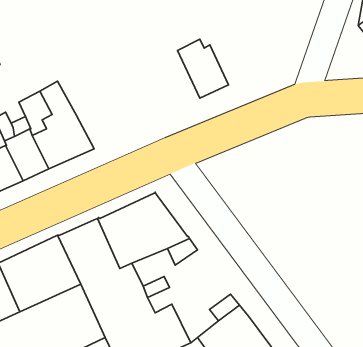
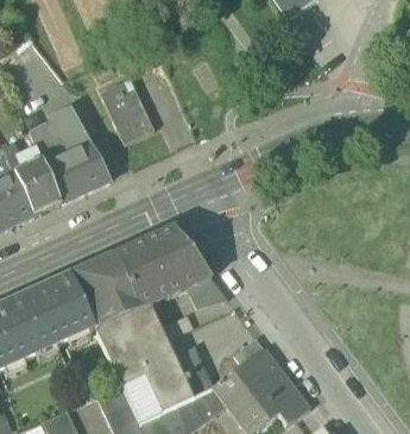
building: [178,39,229,98] -> [100,80,154,143]

